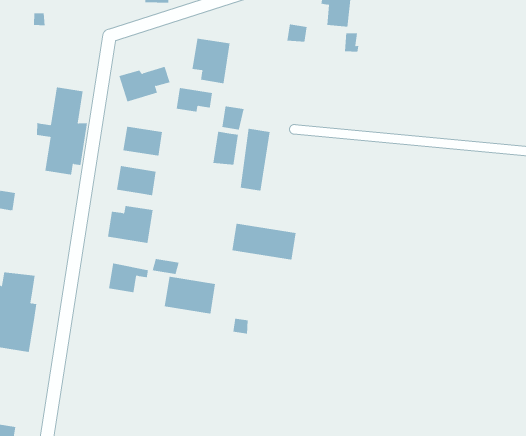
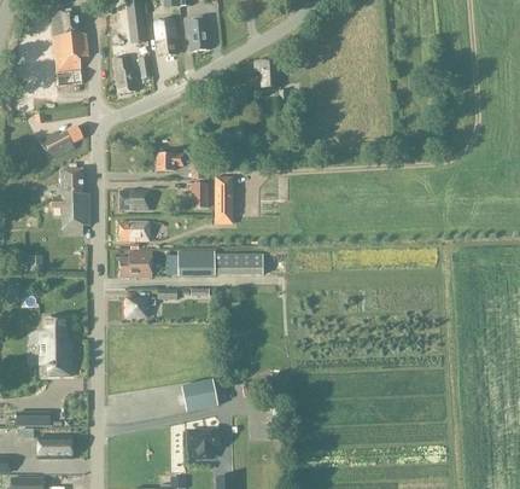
building: [192,38,230,84] -> none
building: [118,66,170,102] -> [42,126,83,158]
building: [164,276,216,314] -> [179,251,216,275]
building: none -> [182,379,218,412]

